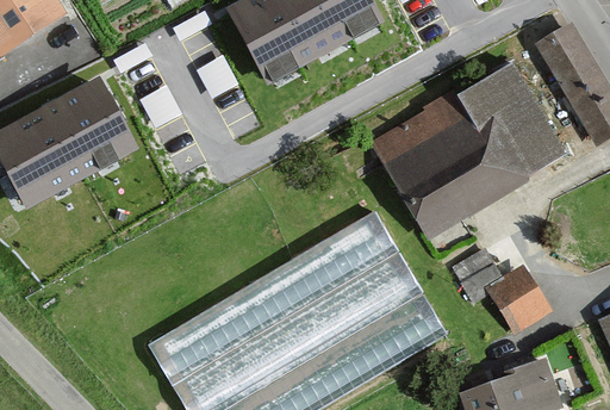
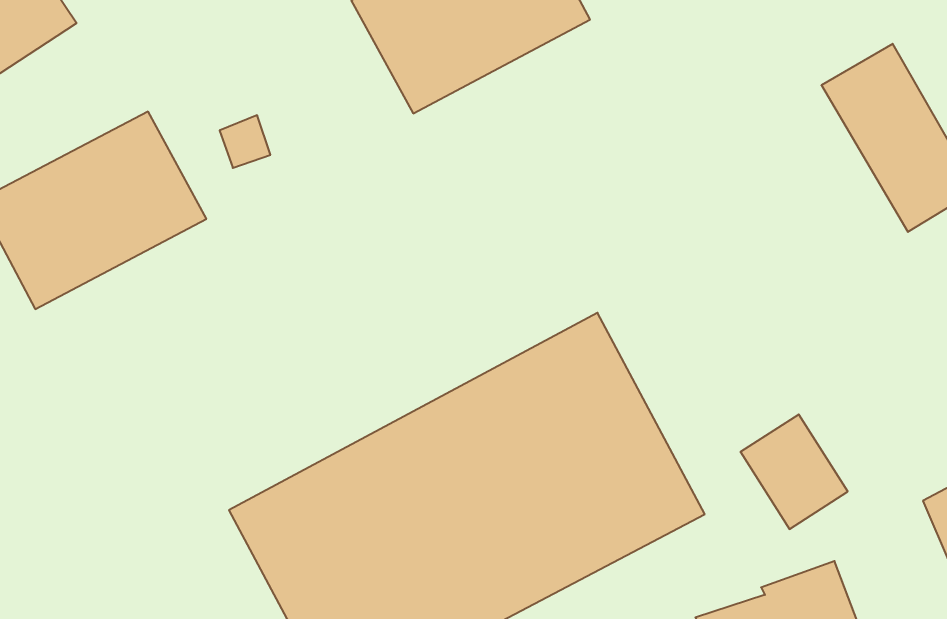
building: [380,67,565,232] -> none

